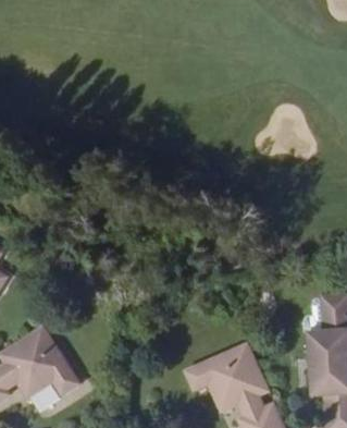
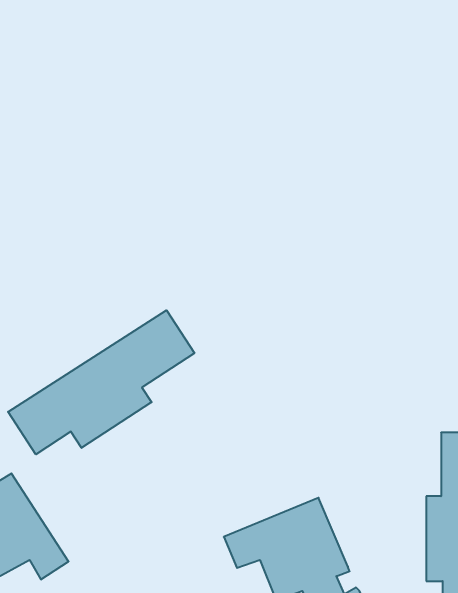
building: none -> [8,310,194,454]

